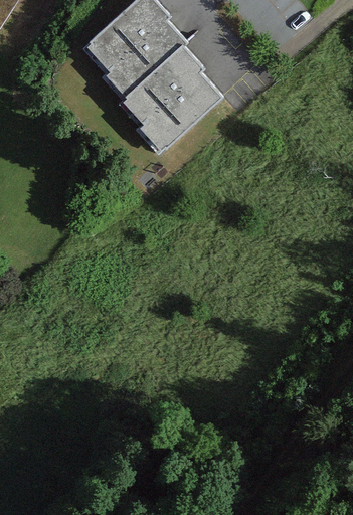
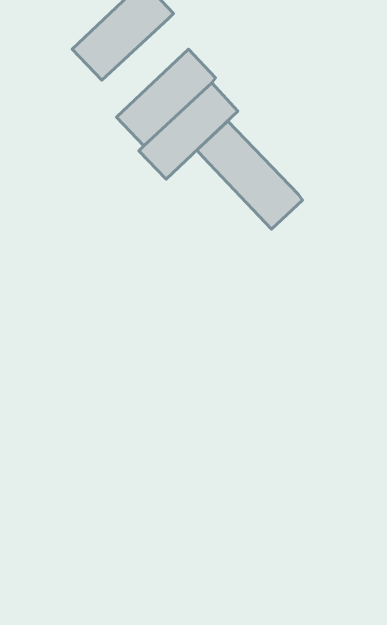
building: [107,20,186,96] -> none
building: none -> [197,121,302,229]

